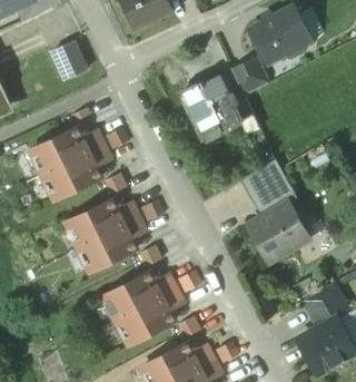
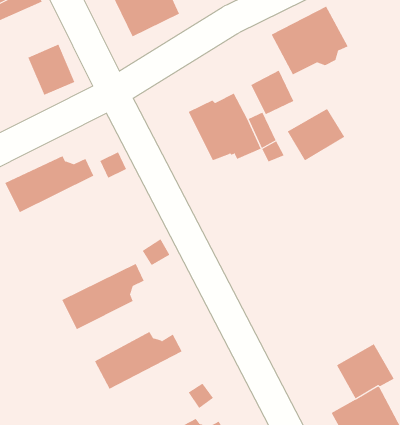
building: [42,145,110,198] -> none
building: [240,159,288,203] -> [287,108,345,161]
building: [66,199,138,246] -> none
building: [247,200,309,262] -> none
building: [116,288,182,343] -> none

